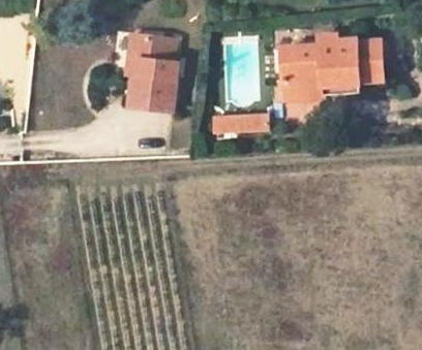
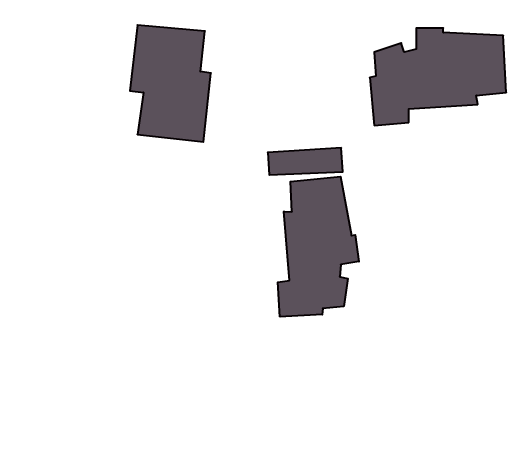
building: none -> [278,177,359,317]

